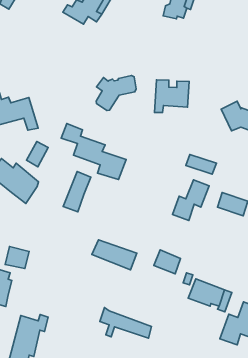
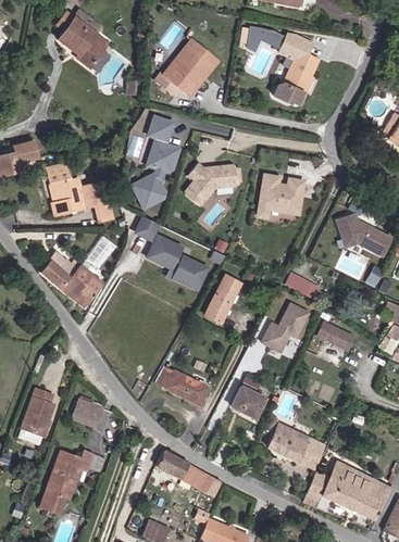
building: none -> [127,118,175,210]
building: [63,172,91,212] -> [205,274,244,324]
building: [5,247,29,269] -> [72,398,103,427]

